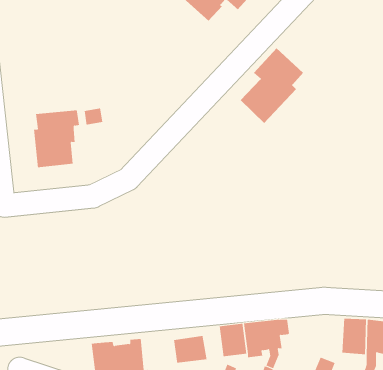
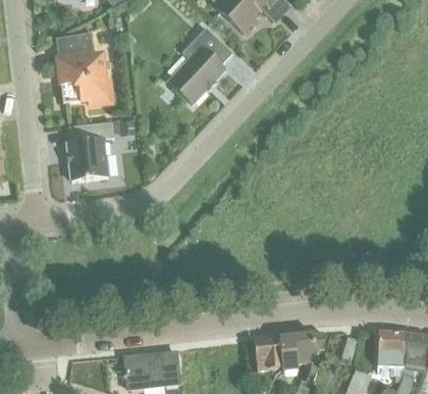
building: none -> [55,32,109,102]
building: [240,47,304,124] -> [167,27,231,103]
building: [174,335,207,363] -> none

